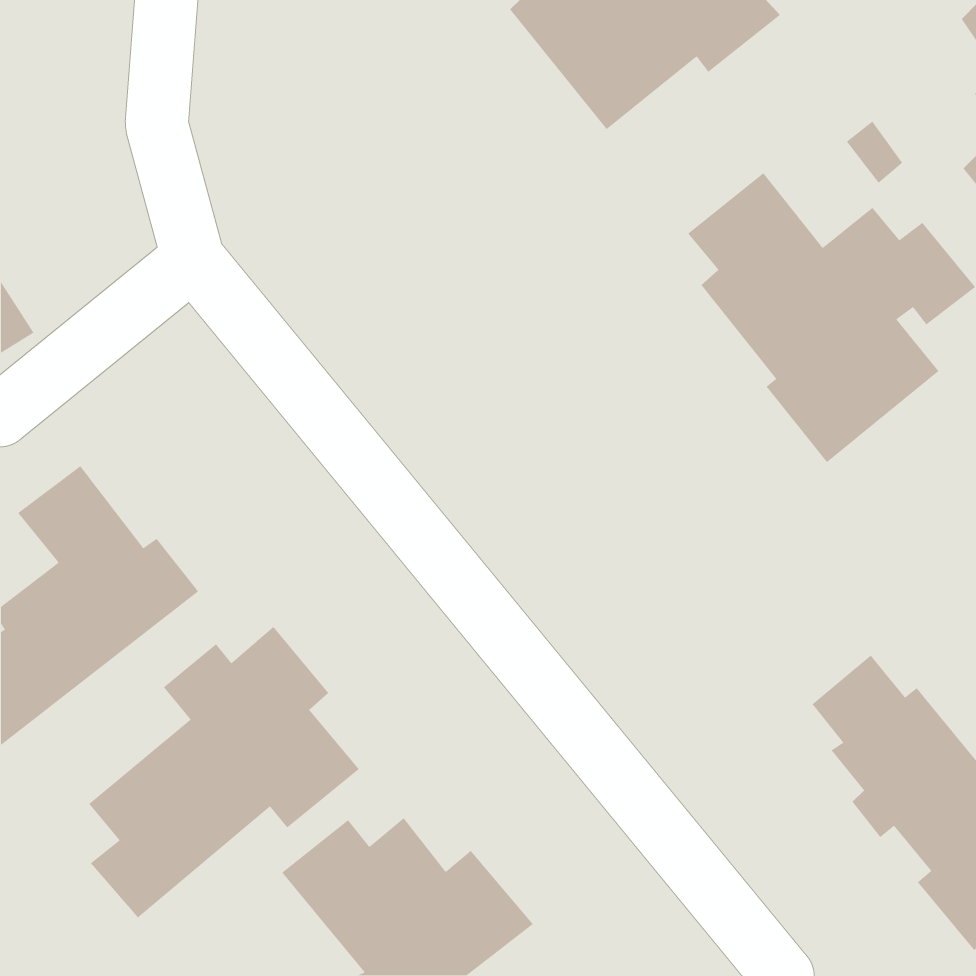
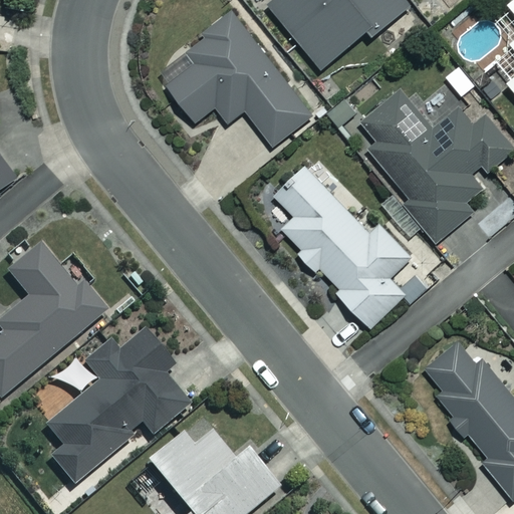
building: none -> [162,13,312,146]
building: none -> [276,168,411,328]

